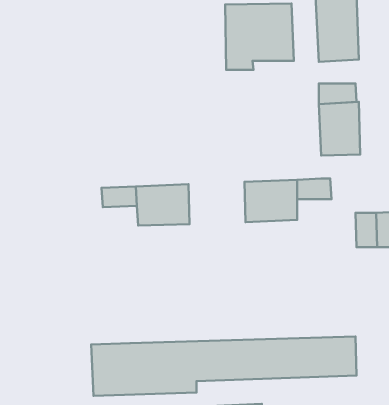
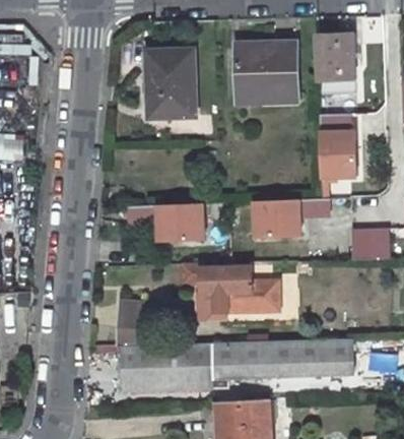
building: none -> [147,51,195,118]
building: none -> [183,264,278,312]
building: none -> [117,301,154,348]

